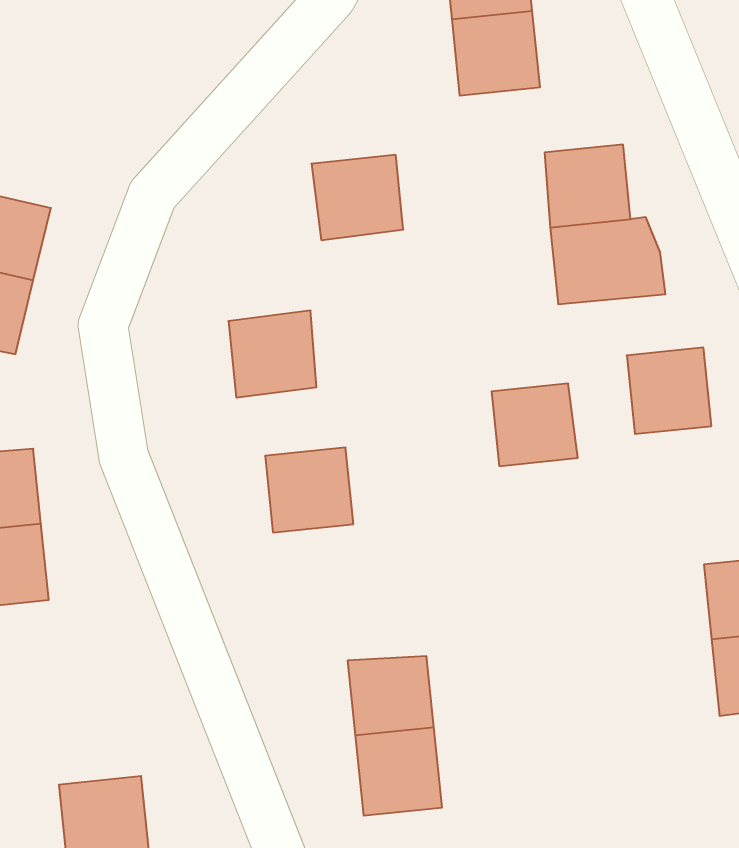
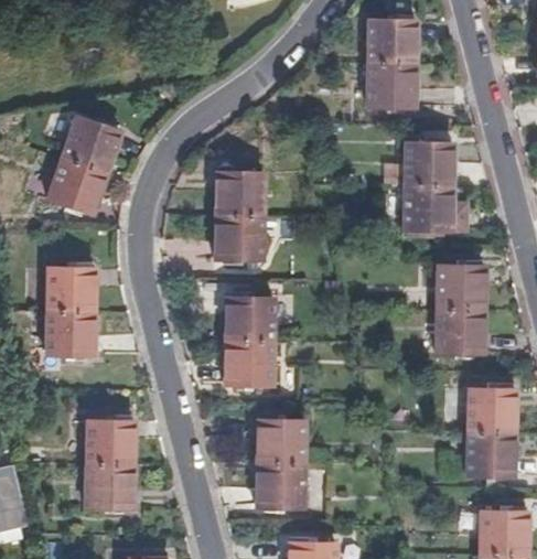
building: [311,155,403,240] -> [216,171,265,215]
building: [492,384,578,466] -> [438,309,483,353]
building: none -> [226,338,272,384]
building: none -> [86,422,135,467]

